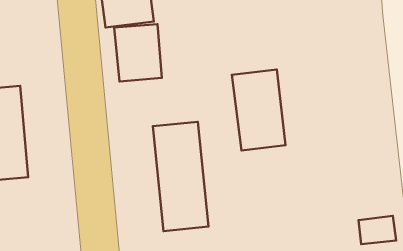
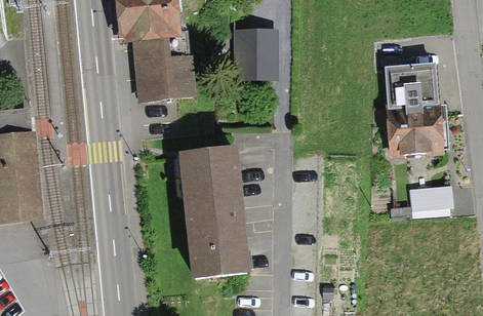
building: none -> [237,30,275,76]
building: [232,70,286,151] -> [381,60,444,154]
building: [358,216,396,244] -> [409,185,453,218]

